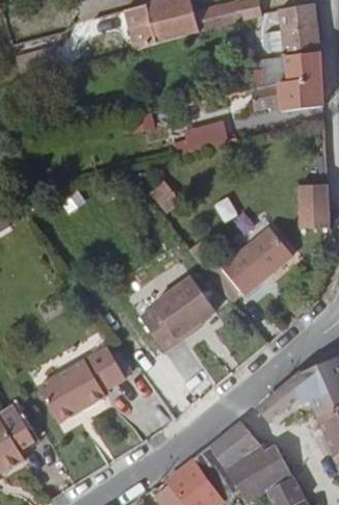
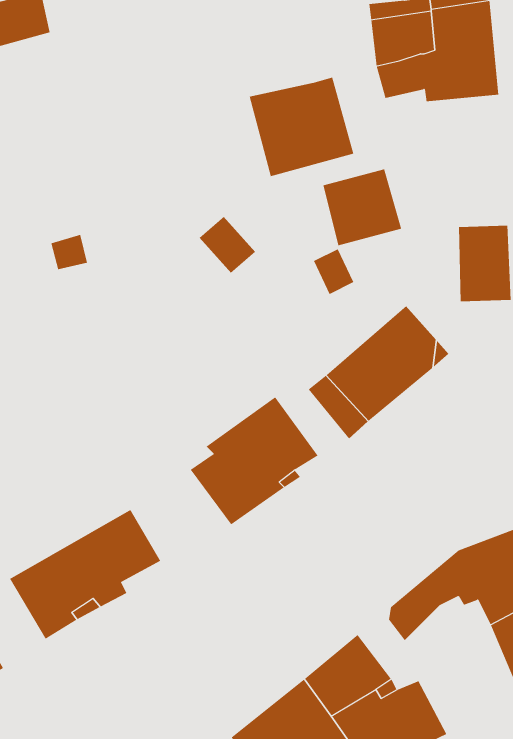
building: none -> [323,168,402,246]

